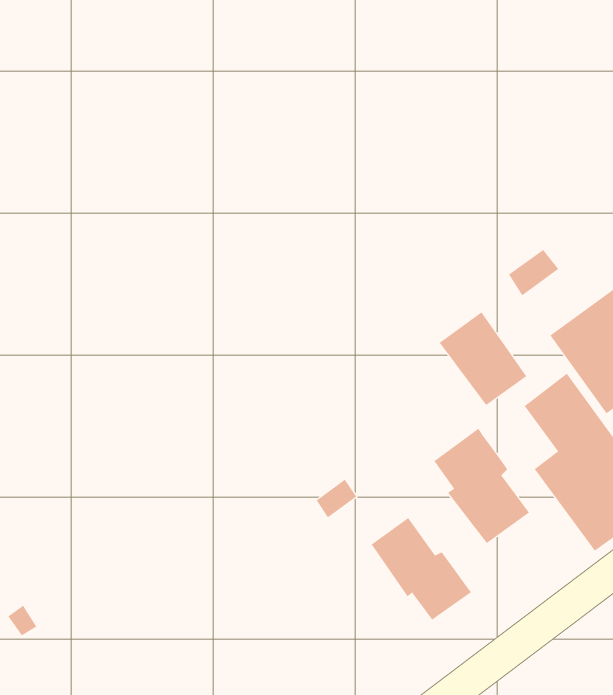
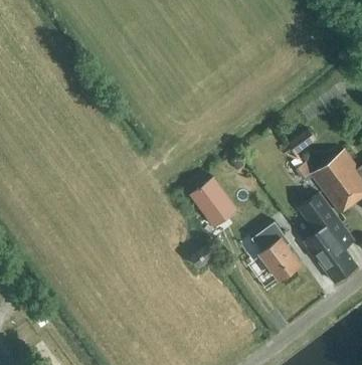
building: [439,311,527,406] -> [189,175,234,223]
building: [371,517,472,621] -> none

